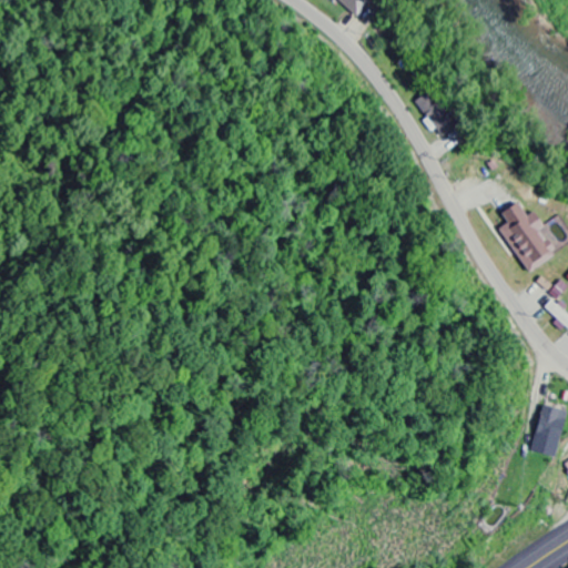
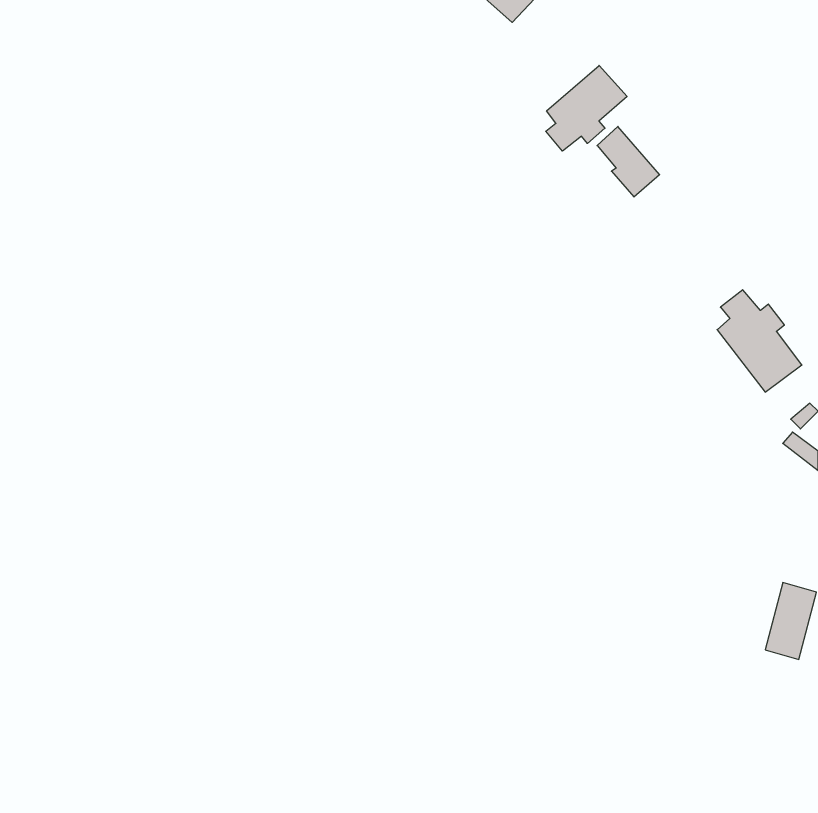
building: none -> [546,65,627,151]

